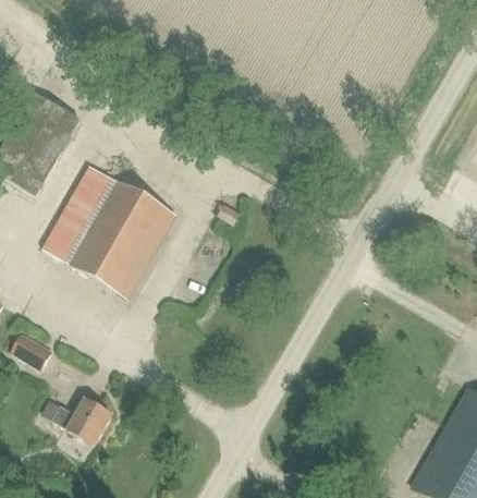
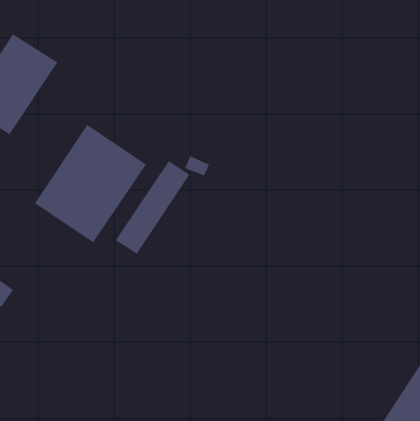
building: [41,166,112,263] -> [115,160,190,255]
building: [52,398,112,446] -> none

